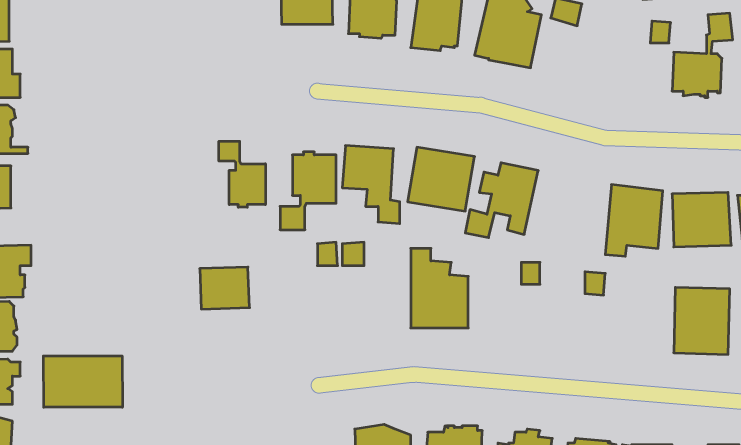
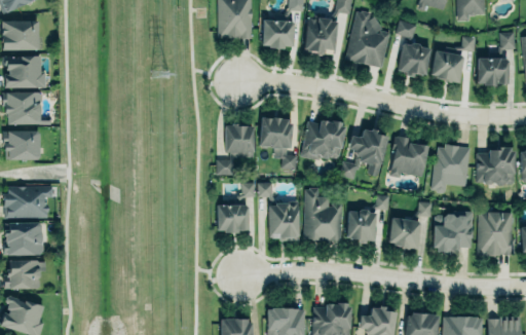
building: none -> [399,42,430,76]
building: none -> [431,50,464,82]
building: [219,141,265,207] -> none
building: none -> [390,135,428,178]
building: [200,267,250,309] -> [217,204,250,232]
building: none -> [269,202,300,240]
building: none -> [434,210,473,254]
building: none -> [347,211,376,241]
building: none -> [389,218,421,249]
building: [43,356,122,407] -> none

